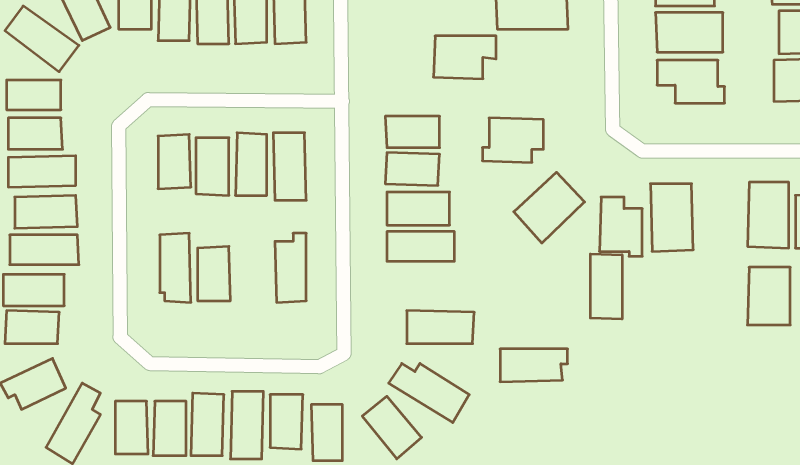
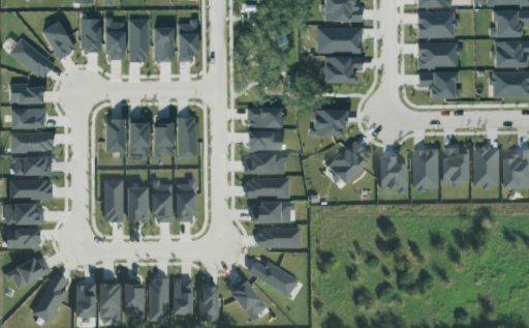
building: [433,36,496,79] -> [323,56,363,83]
building: none -> [154,181,174,223]
building: [590,254,622,319] -> none
building: [747,267,790,325] -> [443,149,470,185]
building: [500,349,568,382] -> [254,204,297,225]

